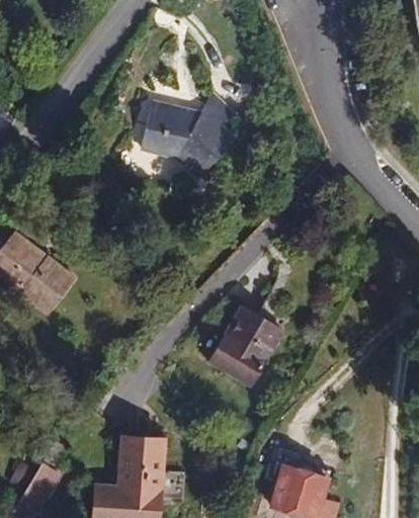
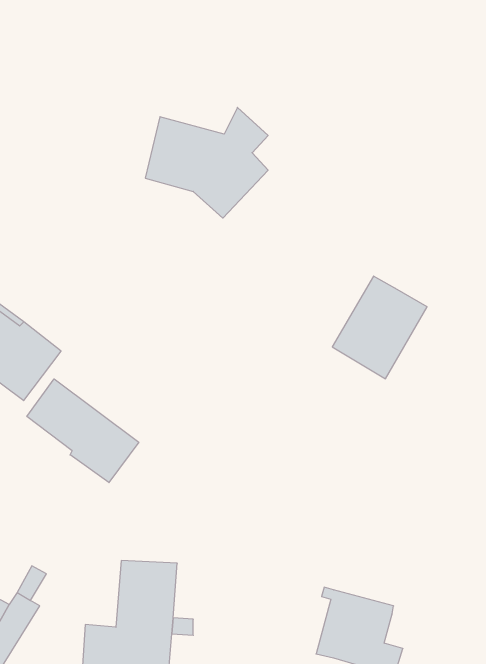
building: none -> [27,379,139,483]
building: [211,308,282,385] -> [332,276,427,379]

